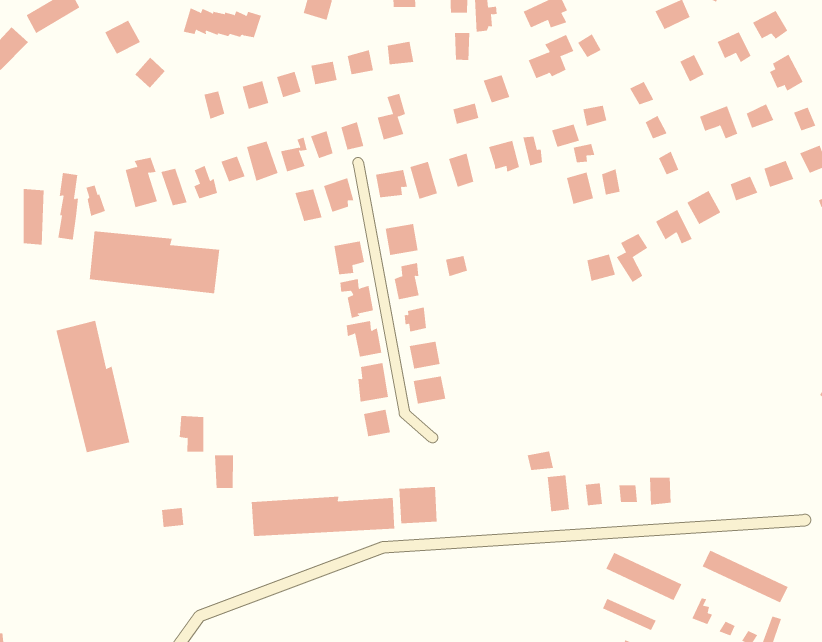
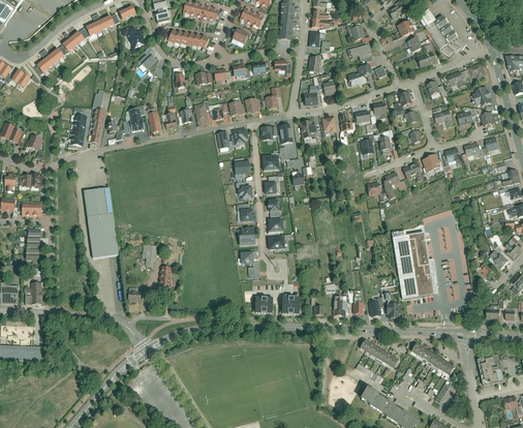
building: [89,231,220,294] -> none
building: none -> [392,230,438,298]
building: none -> [281,294,302,313]
building: [251,496,395,537] -> none

